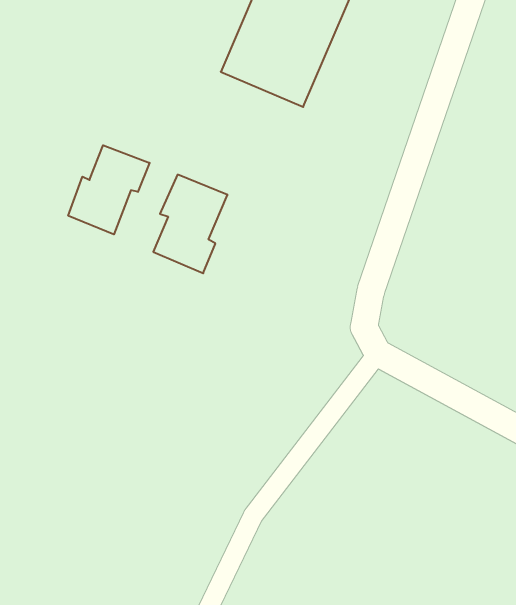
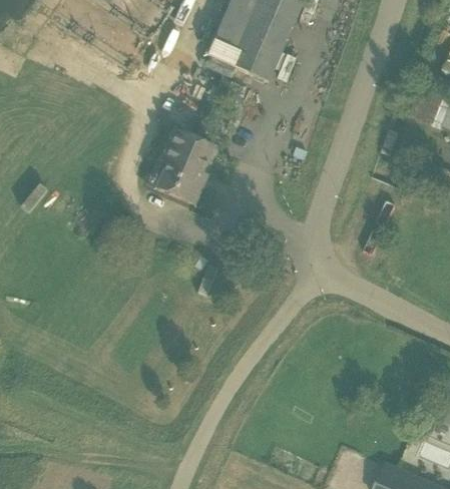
building: [68,145,150,234] -> none

